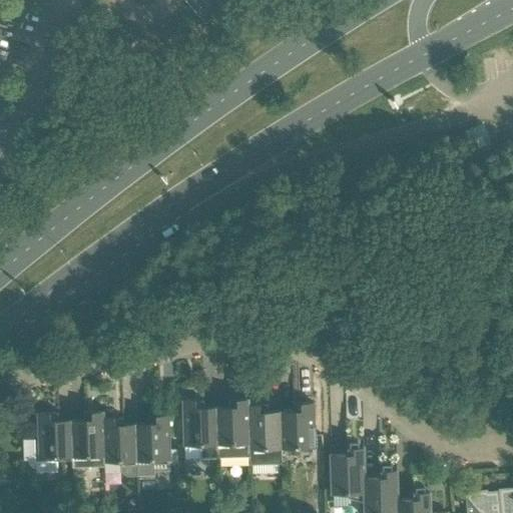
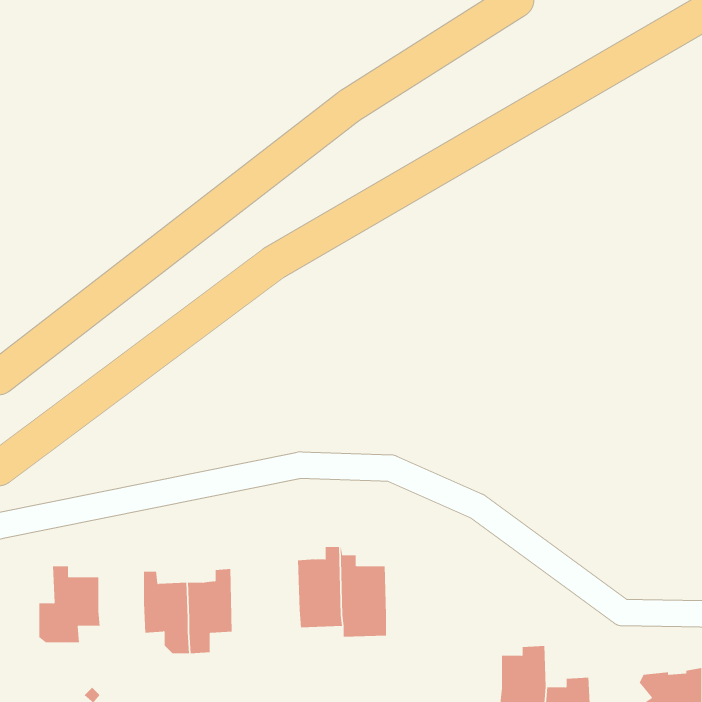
building: [183,401,218,459] -> none
building: [281,403,315,449] -> none
building: [72,411,105,462] -> none
building: [331,449,365,503] -> none

